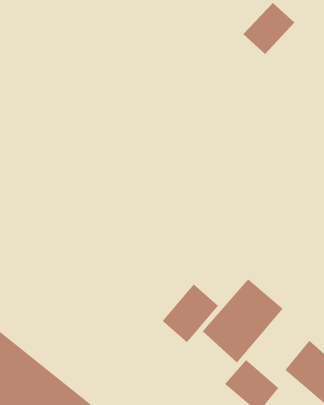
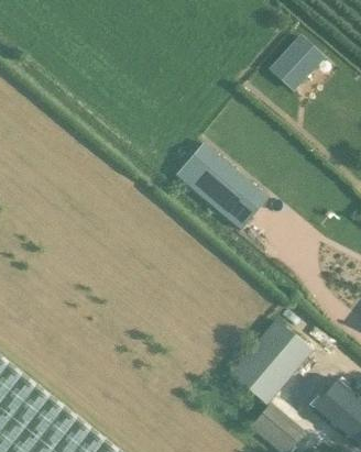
building: none -> [175,144,266,230]
building: [162,284,219,343] -> none

